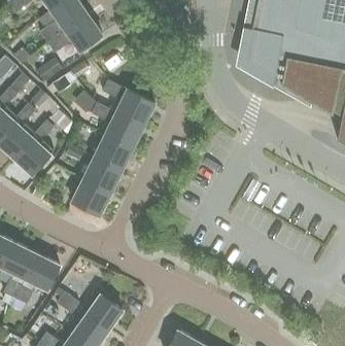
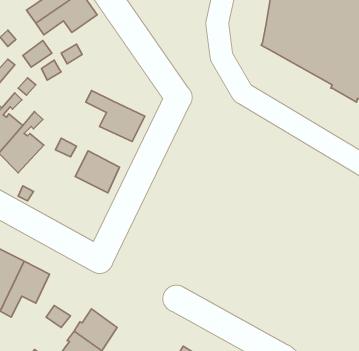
building: [103,79,154,125] -> none
building: [94,134,133,170] -> none
building: [71,178,111,214] -> none

